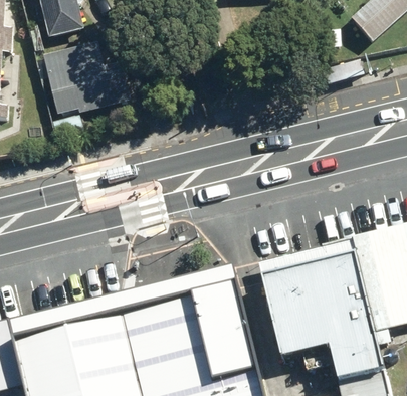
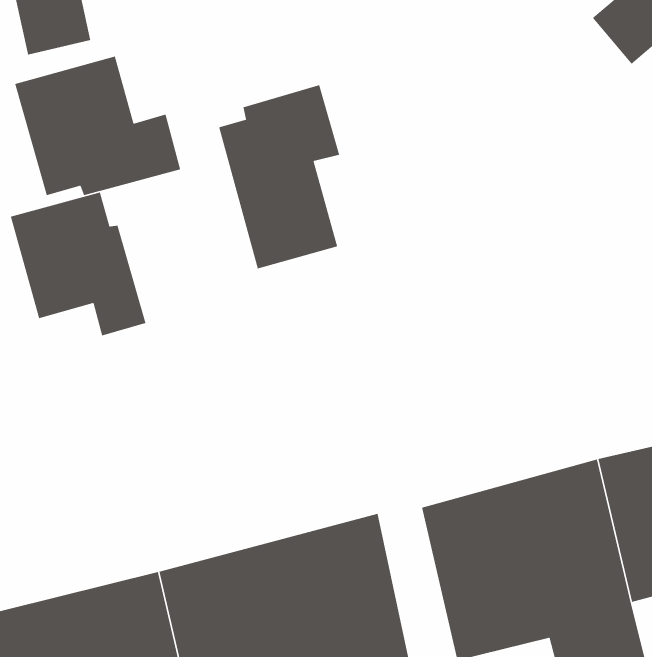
building: none -> [218,84,340,269]
building: none -> [10,191,146,337]

